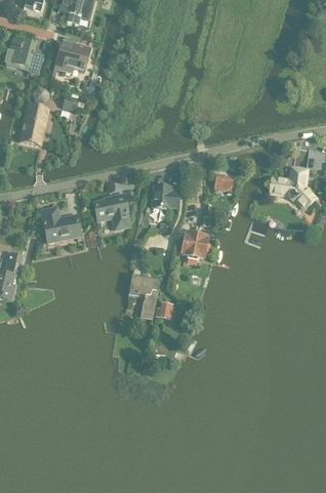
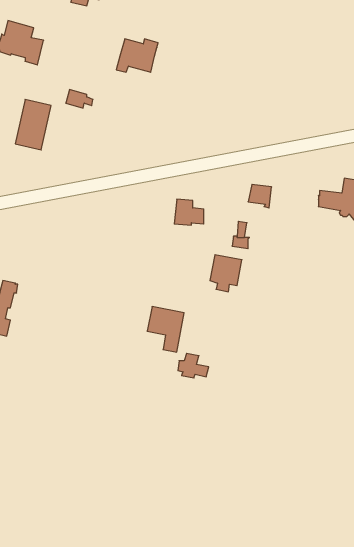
building: [54,40,89,68] -> [116,39,158,72]
building: [93,195,128,228] -> none
building: [41,206,79,242] -> none

